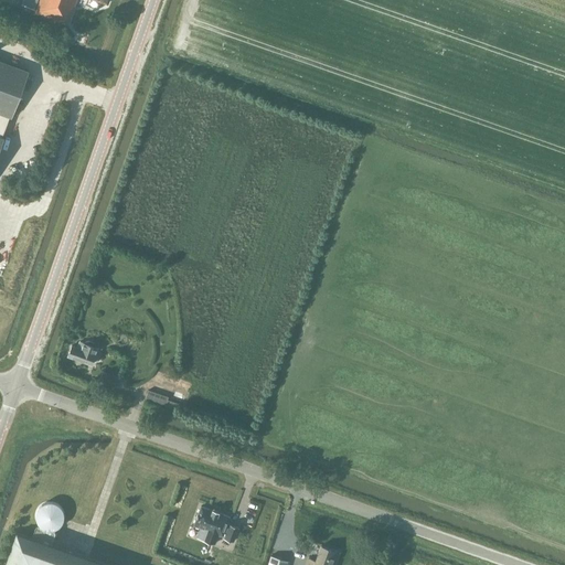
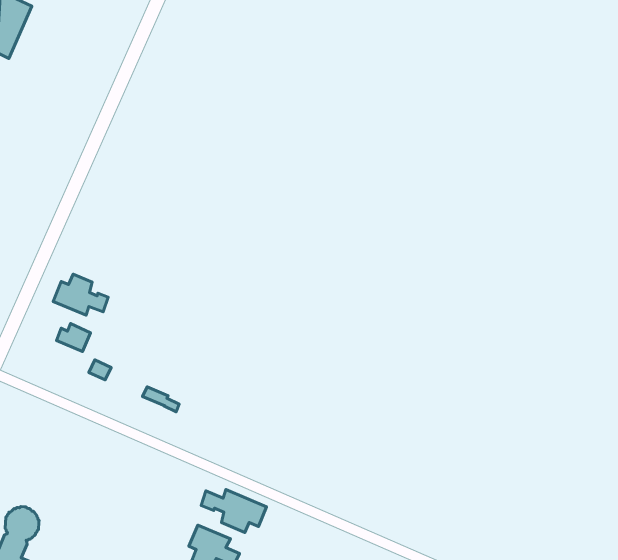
building: none -> [53,274,108,315]
building: none -> [201,490,267,532]

